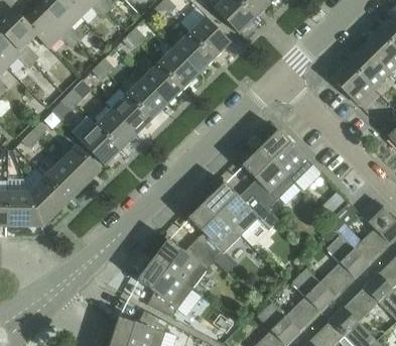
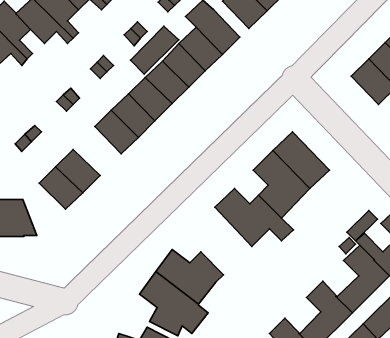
building: none -> [130,26,179,74]
building: [71,115,120,165] -> none
building: [29,177,69,225] -> none
building: [188,199,241,261] -> none

